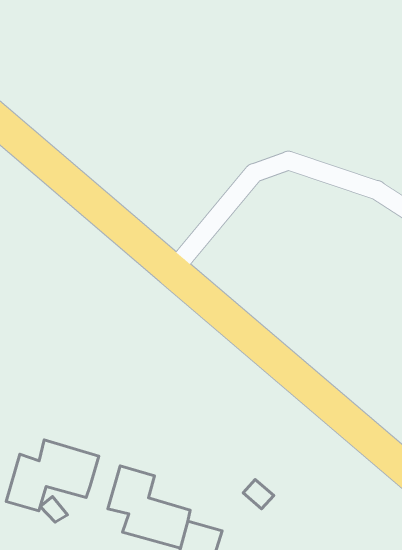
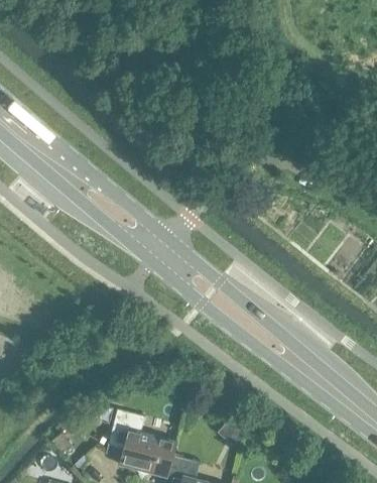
building: [6,440,99,511] -> none

